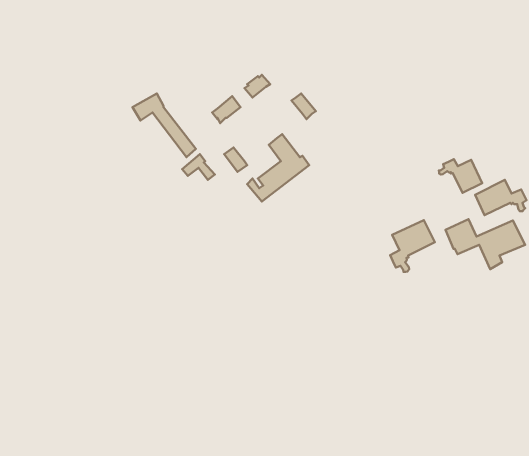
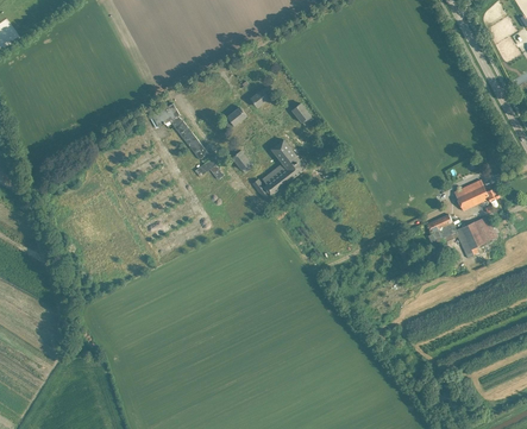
building: [439,159,482,193] -> none
building: [390,220,435,272] -> none

